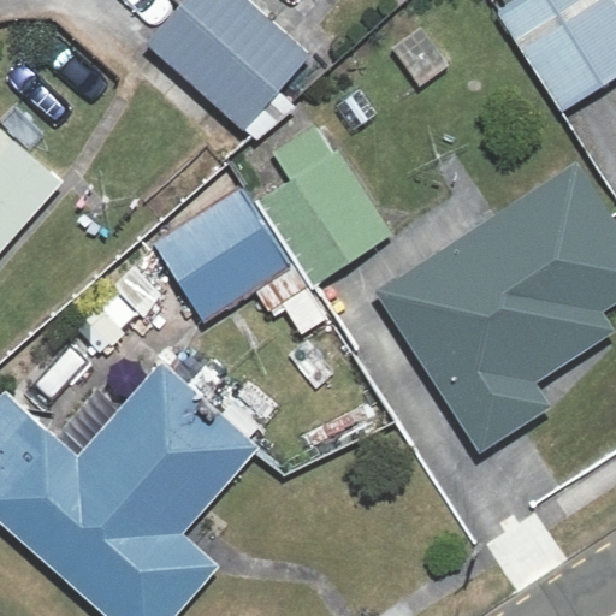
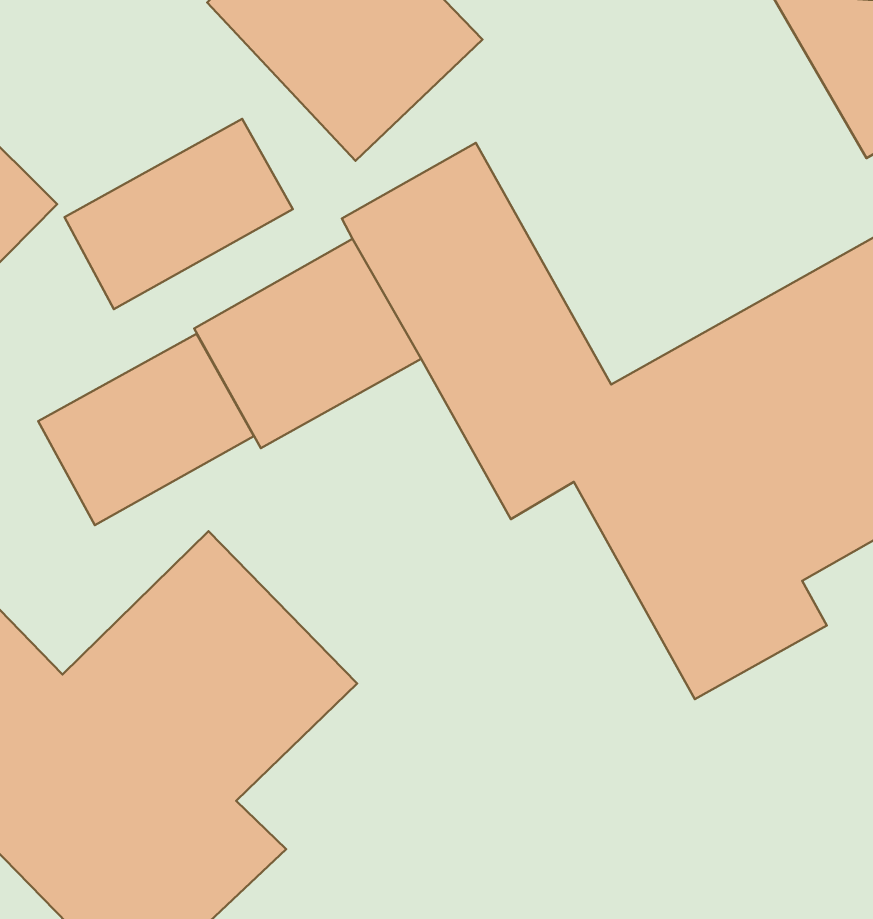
building: none -> [64,119,293,309]
building: none -> [38,334,254,525]

